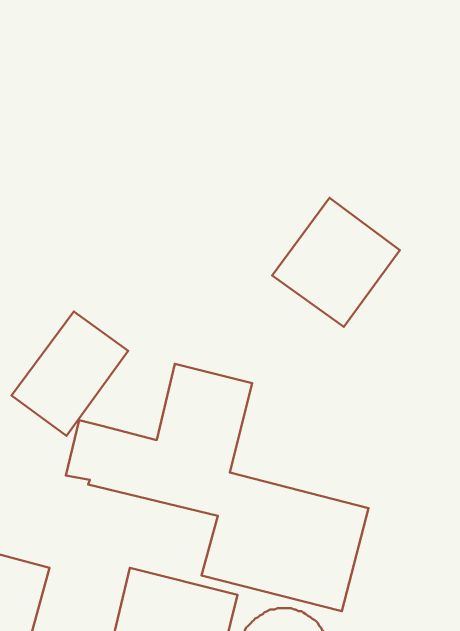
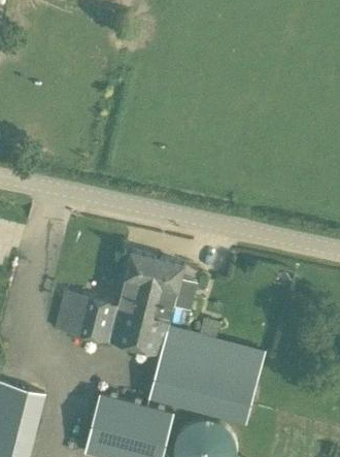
building: [272,198,400,327] -> none
building: [12,311,128,436] -> none

